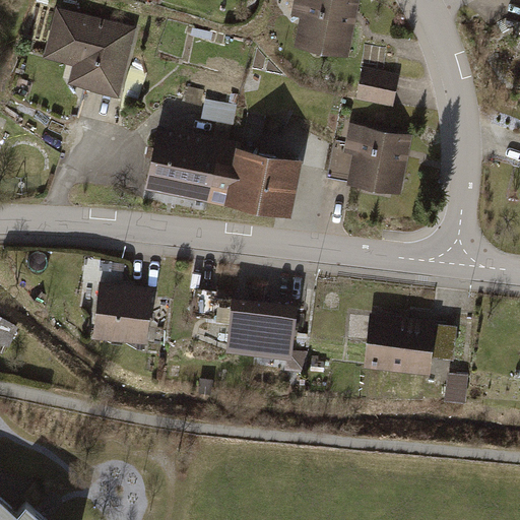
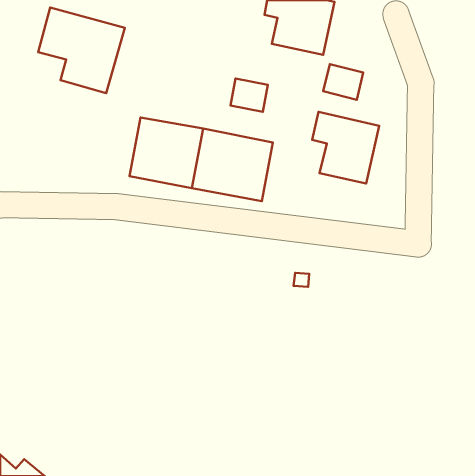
building: none -> [230,79,268,112]
building: [89,284,154,347] -> none
building: [218,299,309,374] -> none
building: [361,310,469,405] -> none

